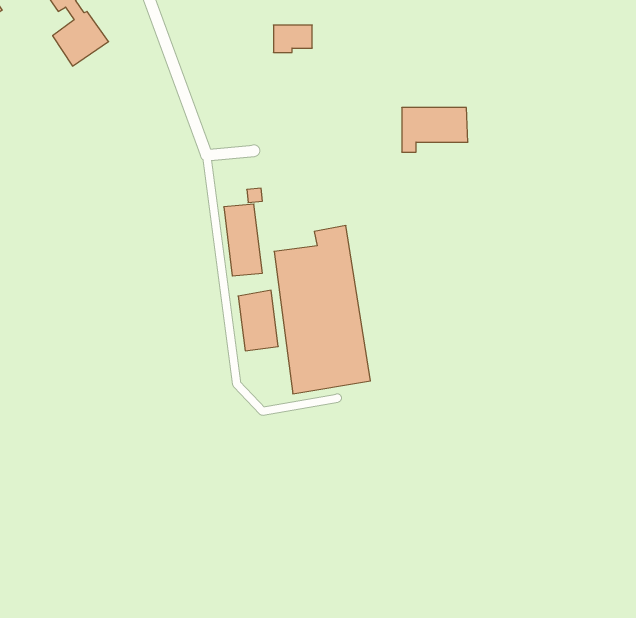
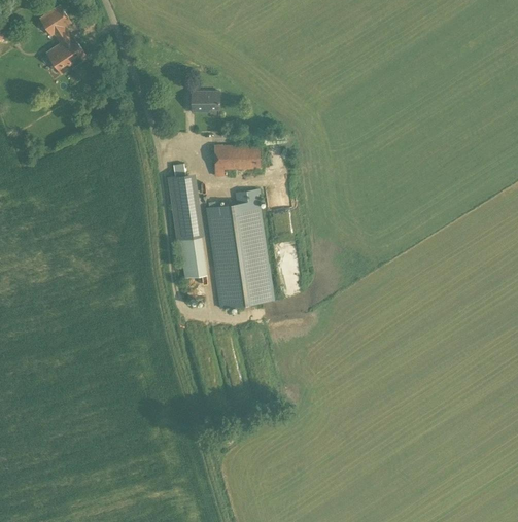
building: [273,25,312,52] -> [191,93,218,112]
building: [402,108,468,152] -> [213,145,261,177]

